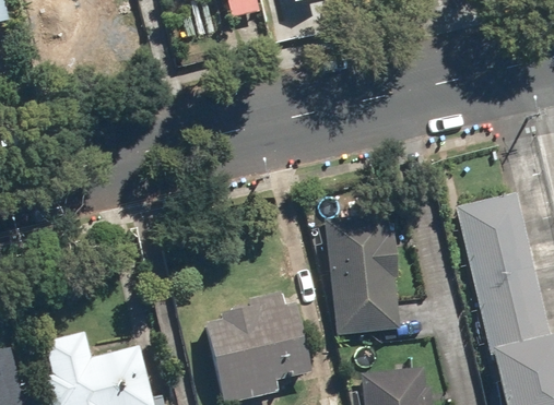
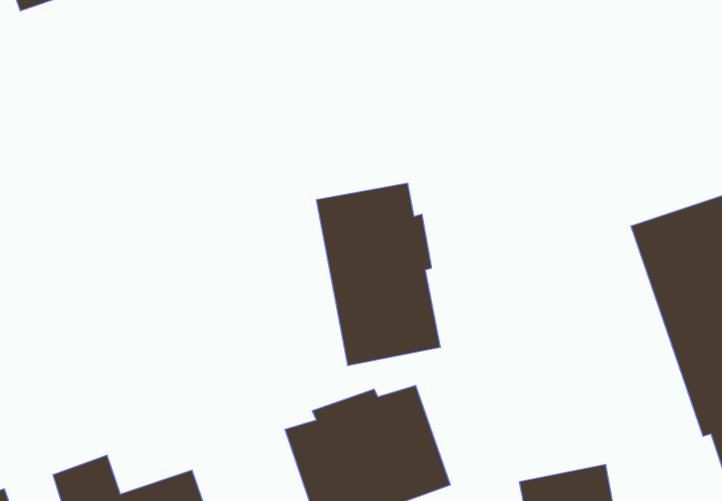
building: [326,214,401,334] -> [316,183,441,365]

